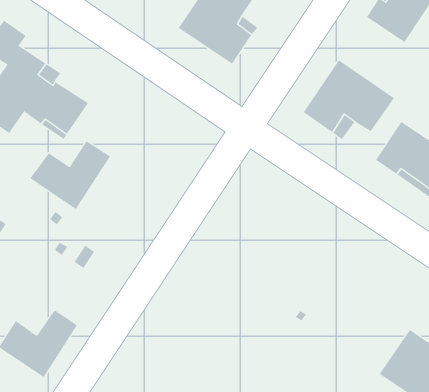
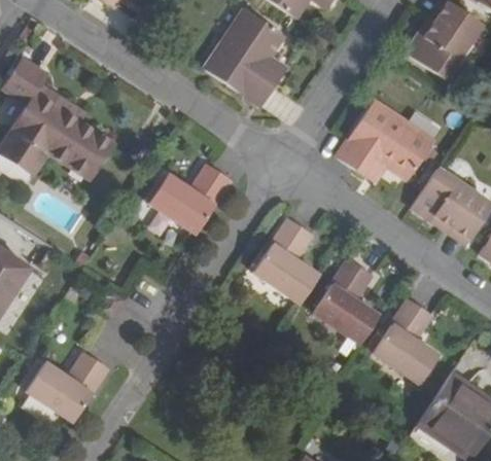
building: [30,141,111,210] -> [144,167,229,239]
building: none -> [250,220,316,306]
building: none -> [310,259,378,345]
building: none -> [371,298,435,382]

